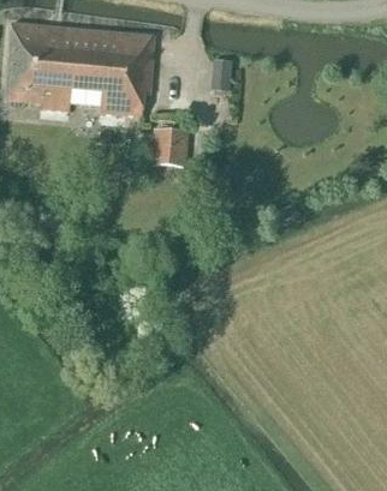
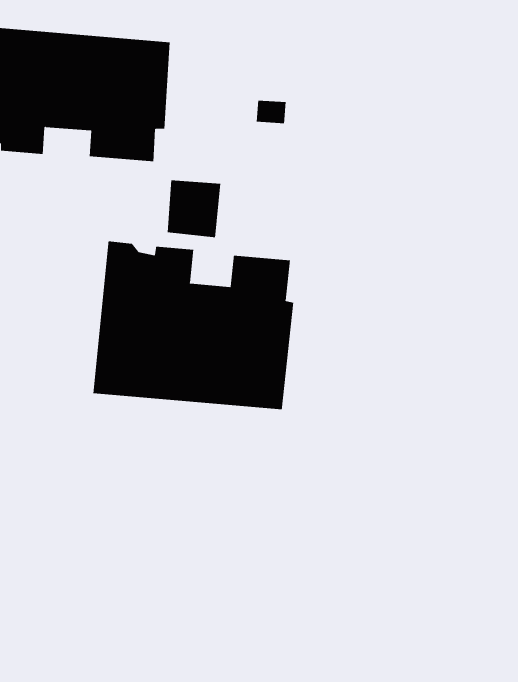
building: none -> [93,240,294,410]

